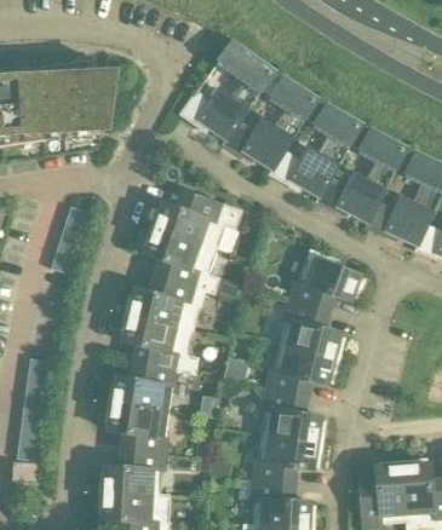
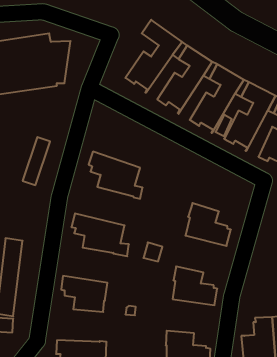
building: [148,190,242,249] -> none
building: [288,249,362,311] -> none
building: [122,276,205,330] -> none
building: [265,345,337,397] -> none
building: [105,362,177,411] -> none
building: [252,434,320,483] -> none
building: [97,449,162,495] -> none

